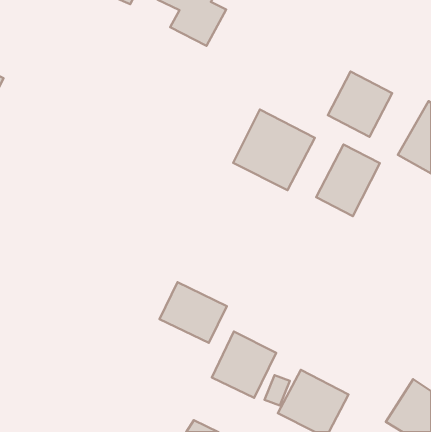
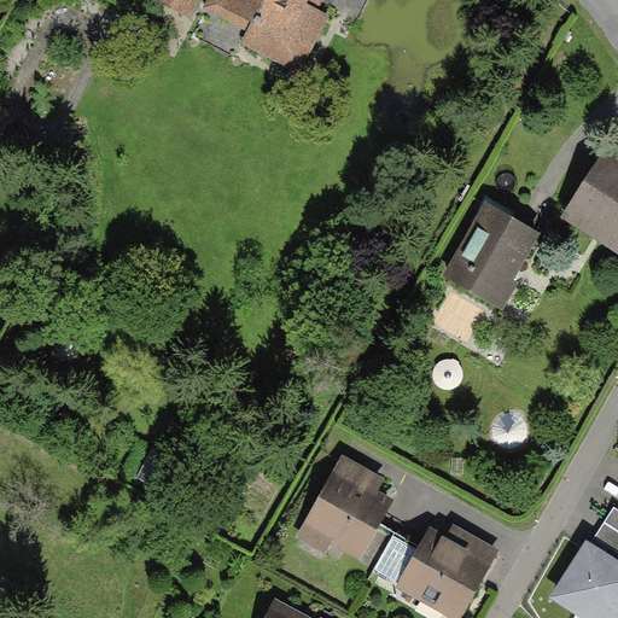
building: [328,71,392,137] -> none
building: [233,109,315,190] -> none
building: [160,282,227,343] -> none

